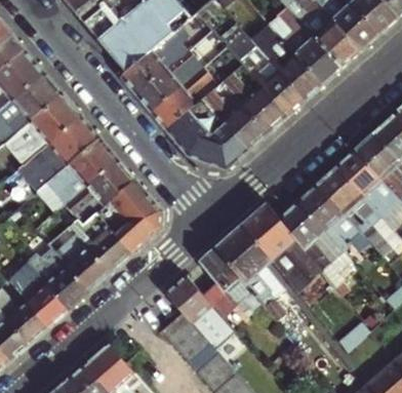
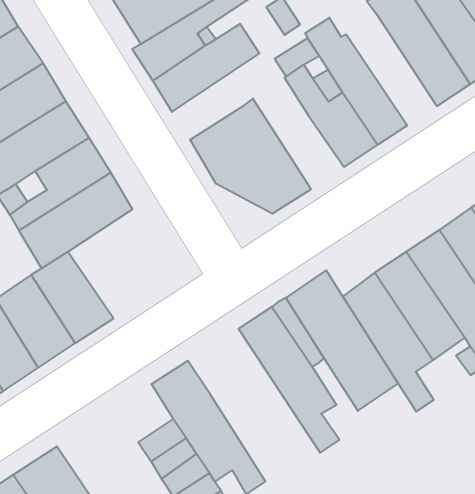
building: [256,30,322,100] -> none
building: [151,67,210,129] -> none
building: [202,88,268,150] -> none
building: [96,180,161,252] -> none
building: [199,247,263,315] -> none

